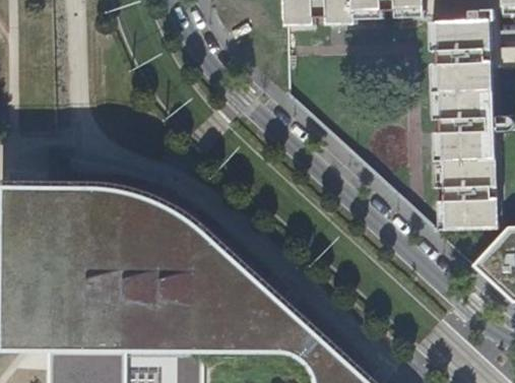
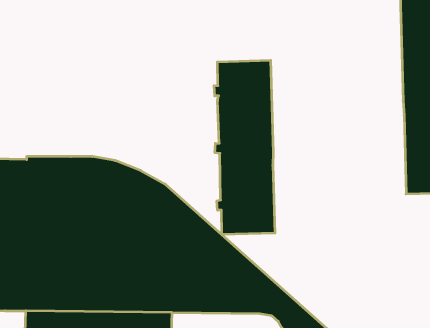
building: none -> [214,60,275,235]

